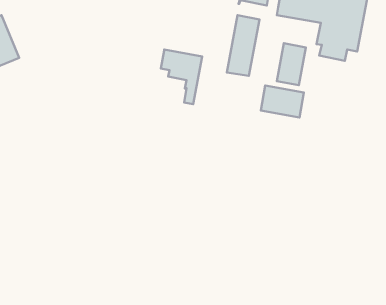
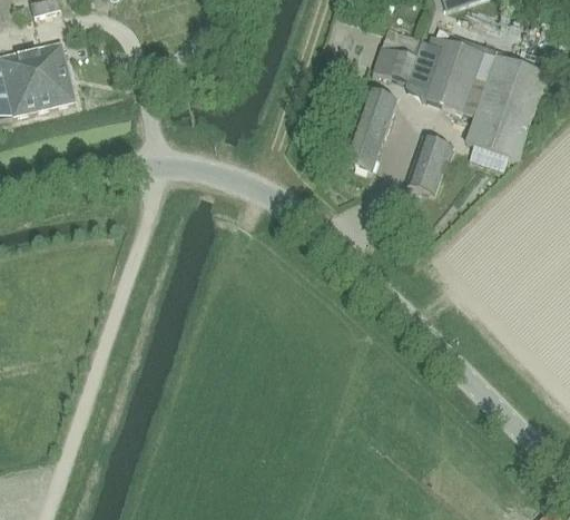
building: [161,50,202,104] -> none
building: [261,85,304,118] -> none

